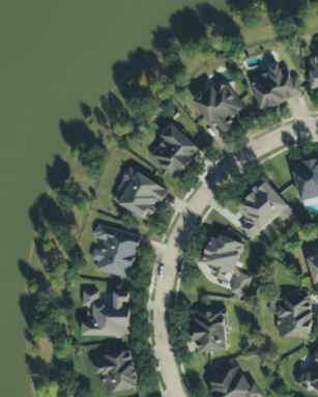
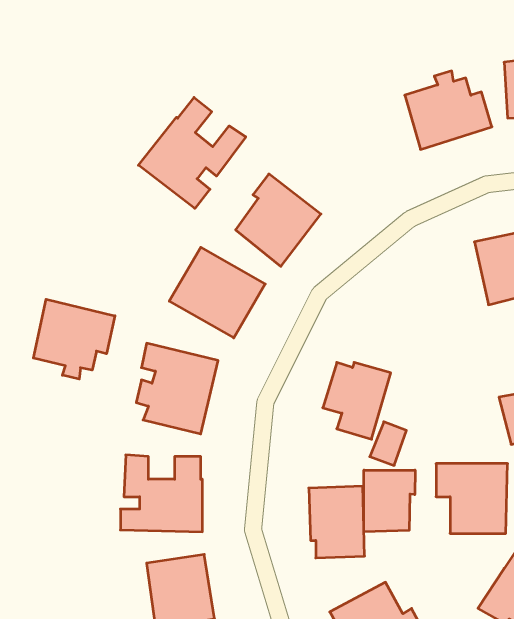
building: [193,77,245,132] -> none
building: none -> [138,97,246,208]
building: [236,179,294,237] -> none
building: none -> [33,299,115,379]
building: none -> [364,470,415,532]

